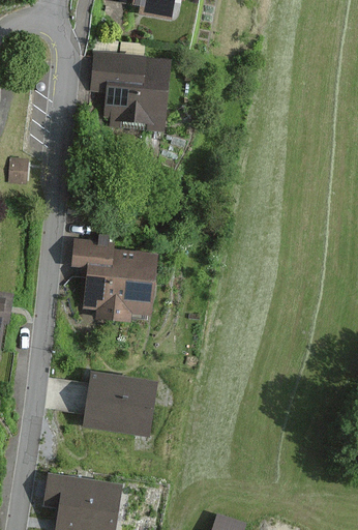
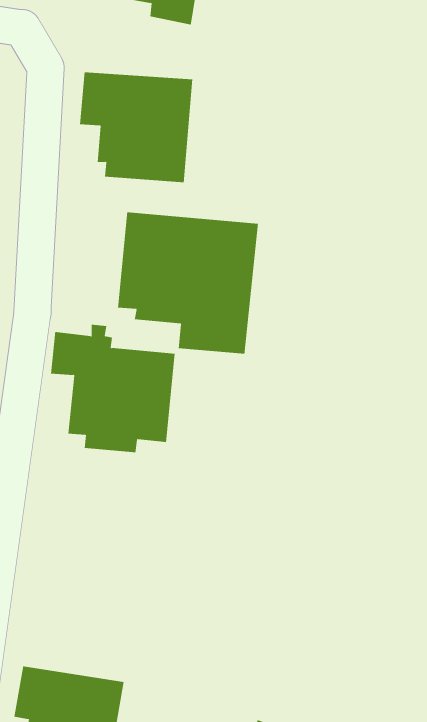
building: none -> [117,212,259,355]
building: [85,372,158,436] -> none

